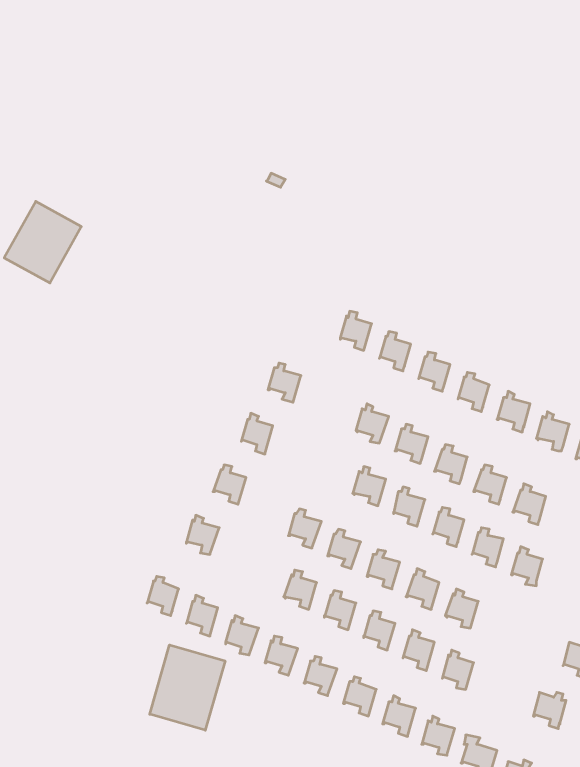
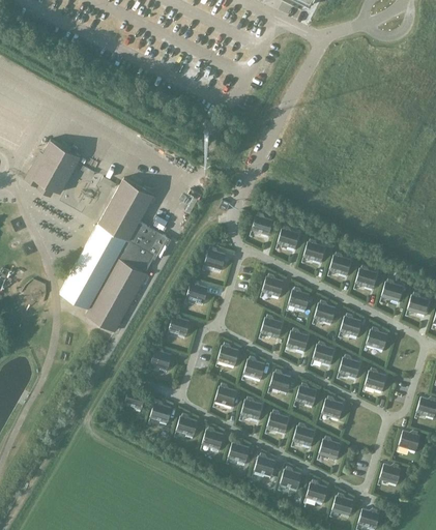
building: none -> [60,178,171,332]
building: [150,645,225,730] -> none

